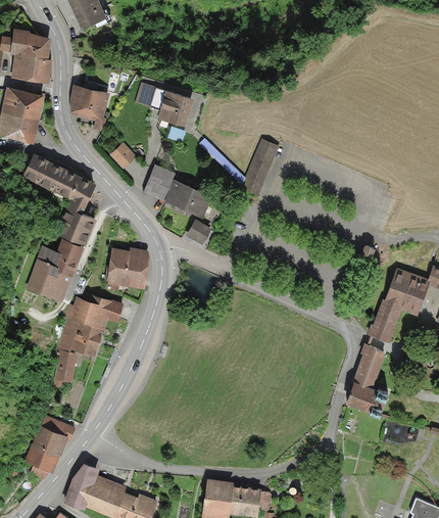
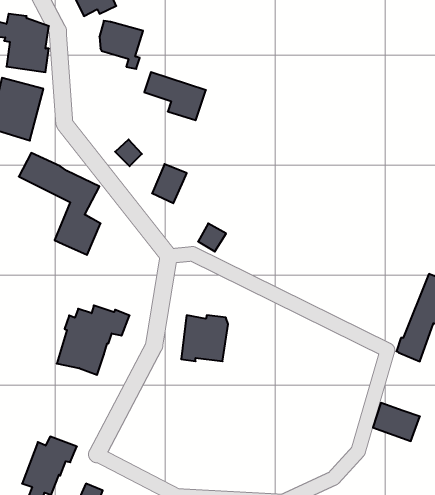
building: [69,87,109,131] -> [99,21,143,69]
building: [242,139,279,196] -> none
building: [163,182,211,219] -> none
building: [25,239,85,303] -> none
building: [106,249,149,291] -> [181,315,228,361]
building: [352,343,385,391] -> none
building: [52,348,78,388] -> none

